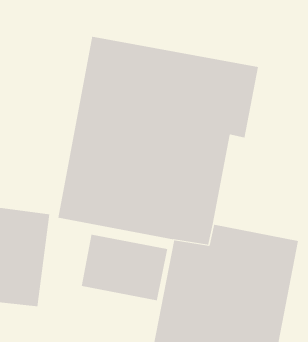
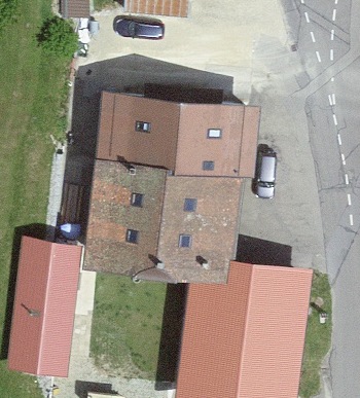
building: [81,234,168,301] -> none

